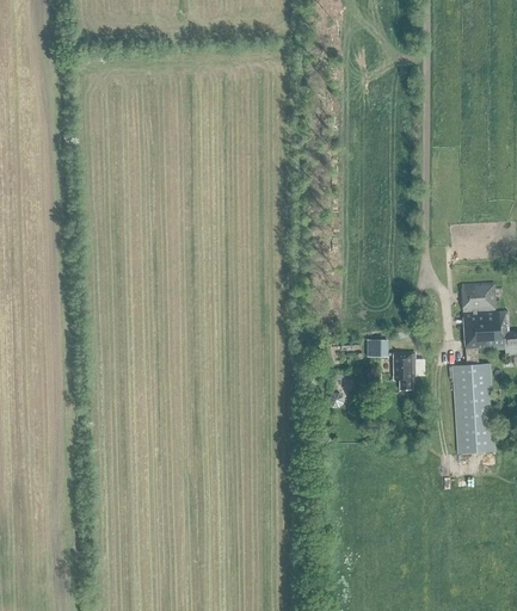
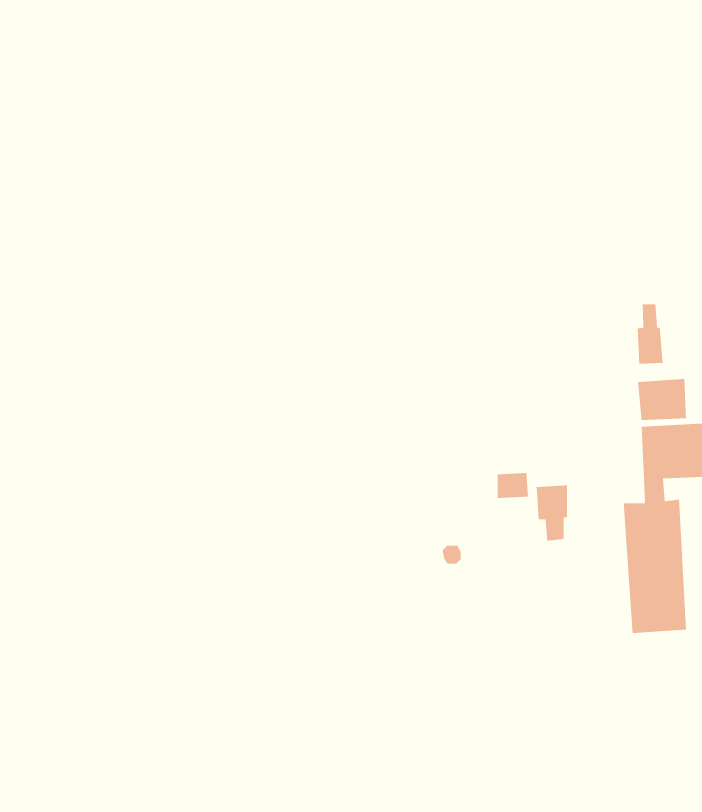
building: none -> [637,304,664,365]

